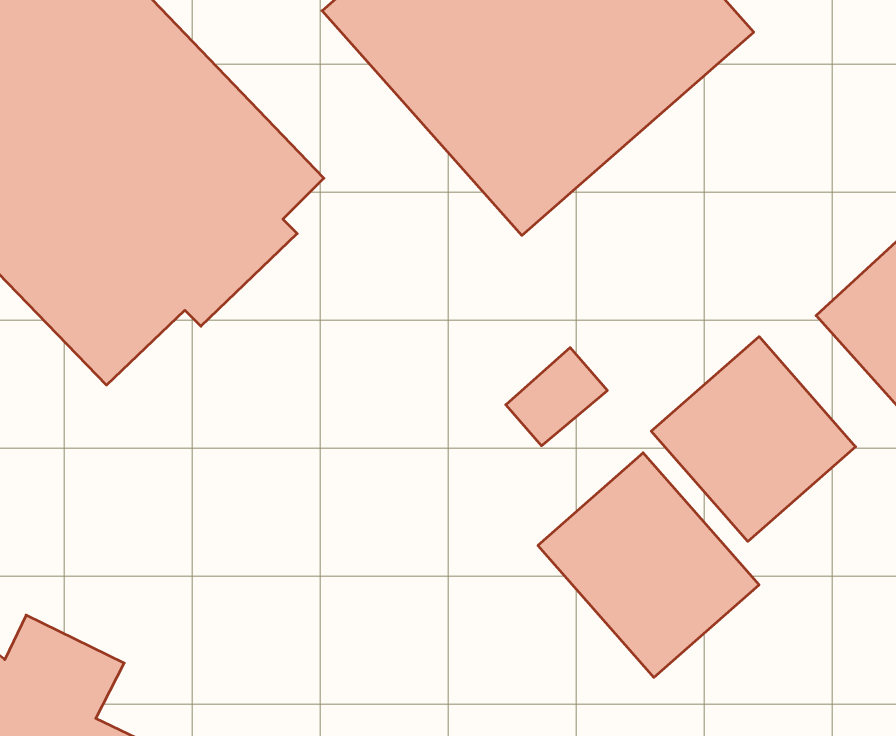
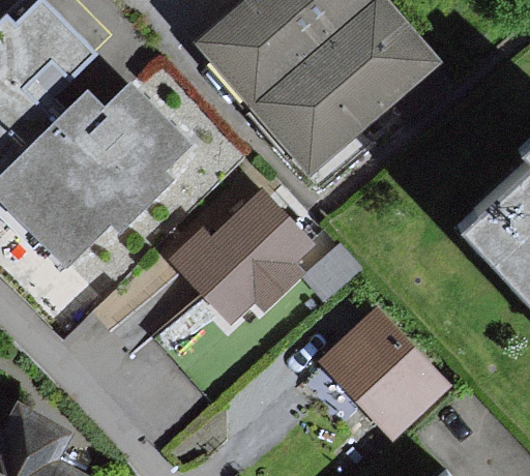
building: none -> [167,191,308,320]
building: [651,337,856,541] -> none

